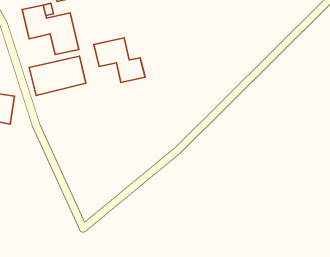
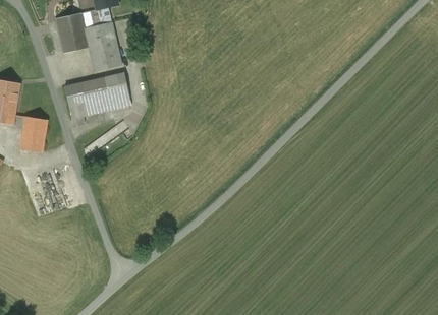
building: [94,38,145,83] -> none

